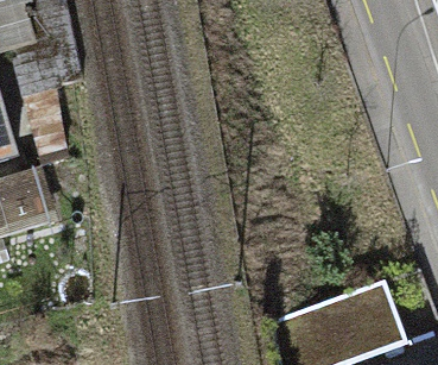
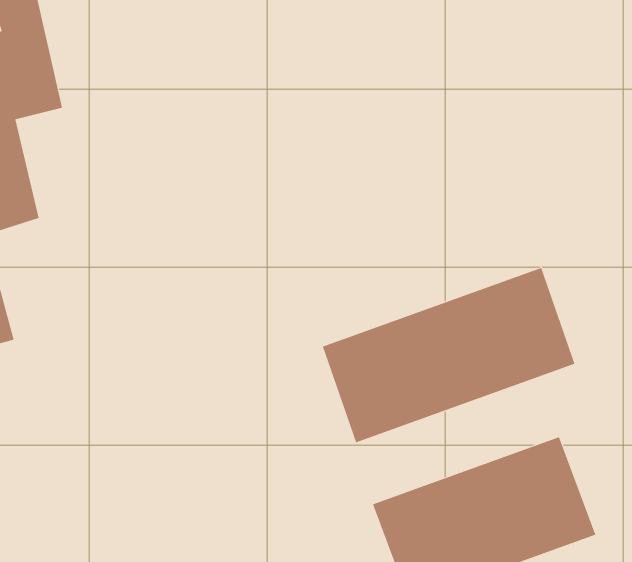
building: none -> [322,267,575,443]

